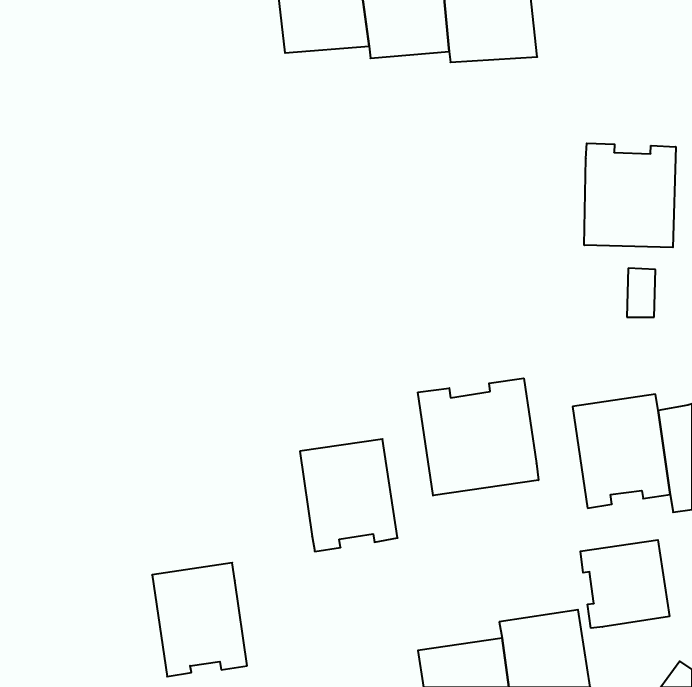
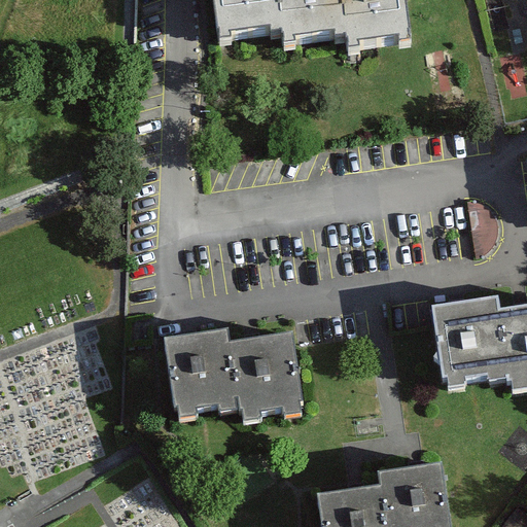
building: [584,143,676,247] -> none
building: [418,378,538,496] -> none
building: [580,540,669,628] -> none
building: [152,563,247,677] -> [165,329,237,416]

